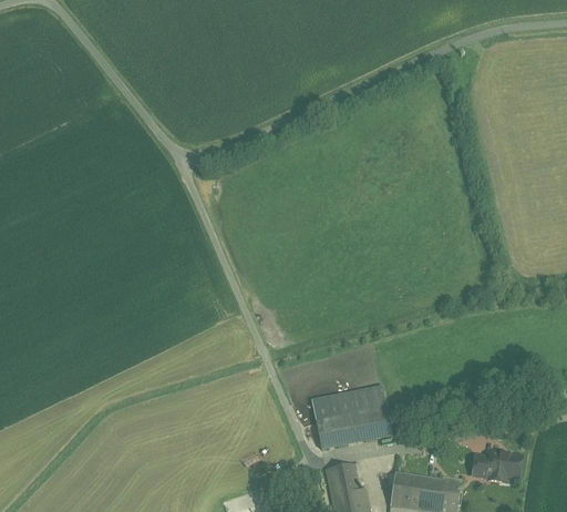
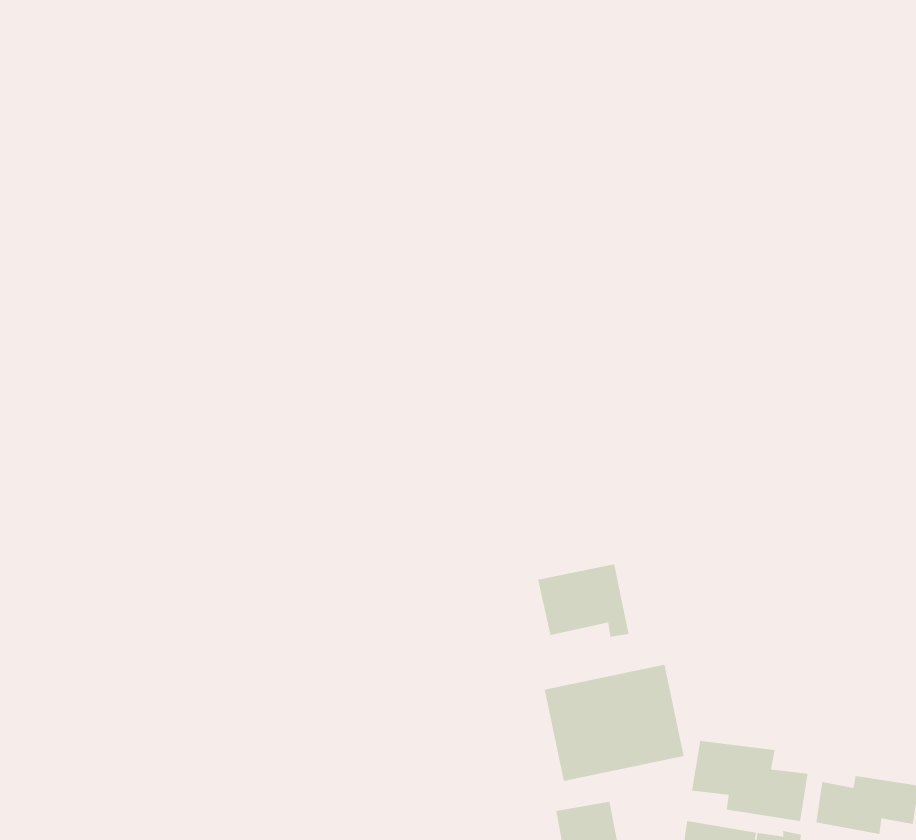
building: none -> [538,563,629,638]
building: none -> [692,740,808,822]

